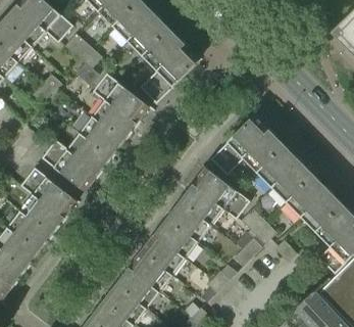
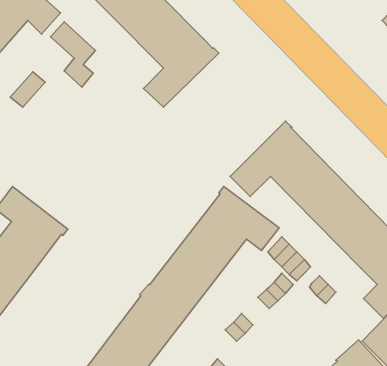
building: [40,73,149,192] -> none

